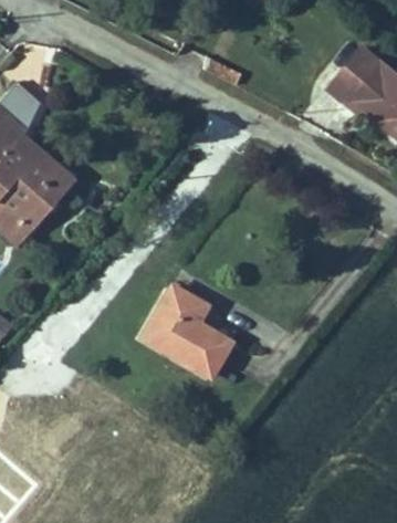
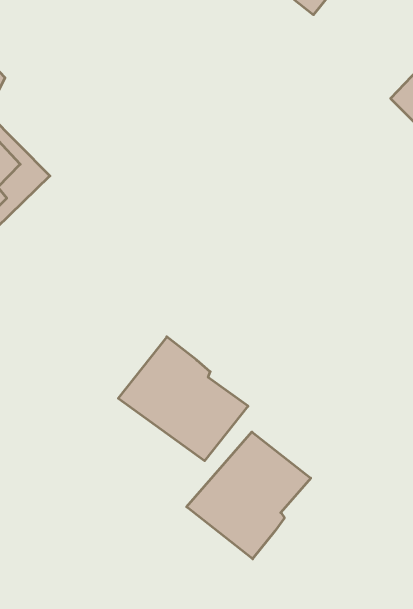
building: none -> [187,432,311,559]

